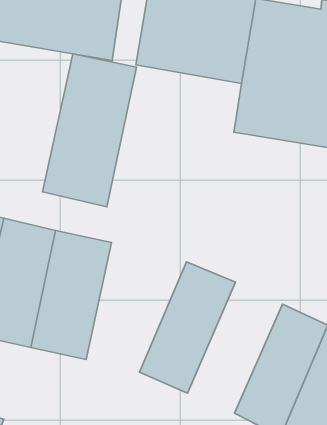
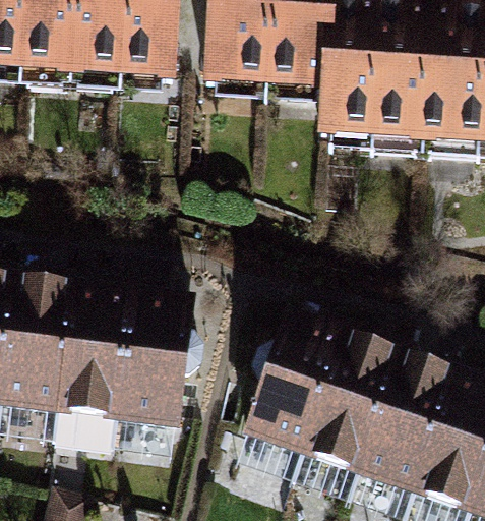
building: [43,54,137,207] -> none
building: none -> [298,331,396,479]

